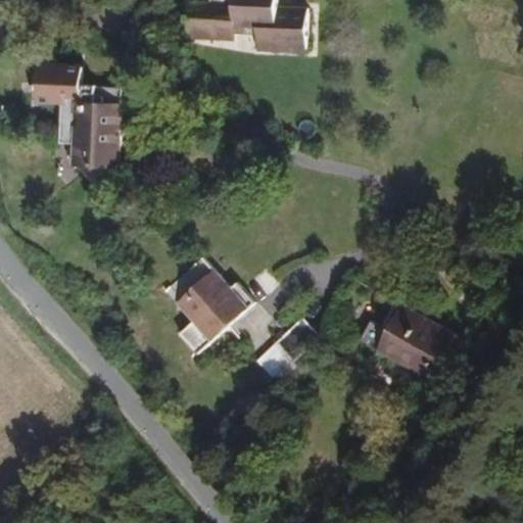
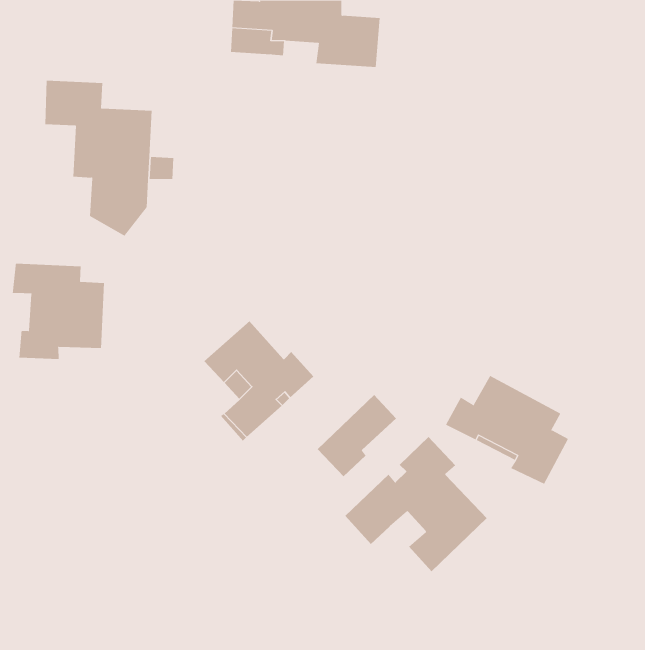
building: none -> [12,263,104,360]
building: none -> [345,436,488,572]

